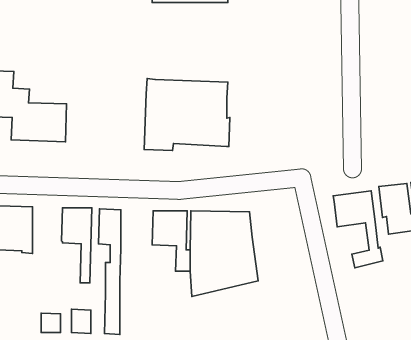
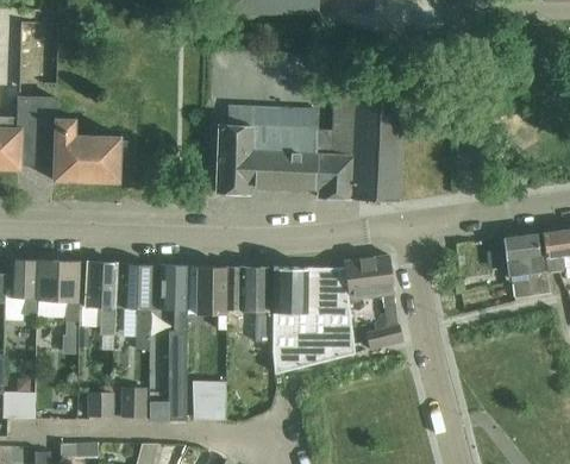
building: none -> [317,93,402,201]
building: [333,191,383,268] -> [343,256,403,350]
building: none -> [79,263,115,336]
building: none -> [187,267,226,330]
building: none -> [189,385,224,419]

